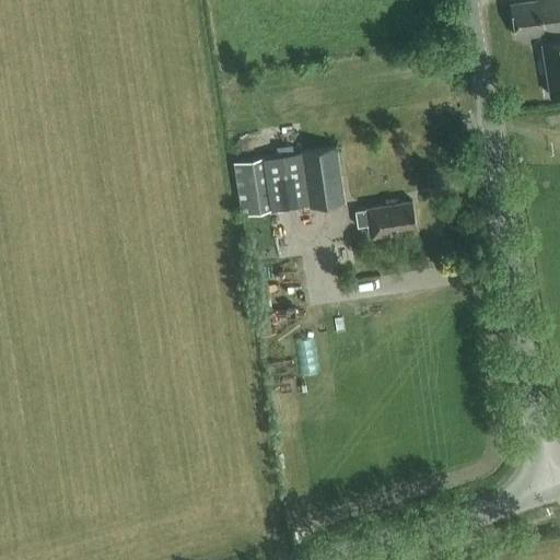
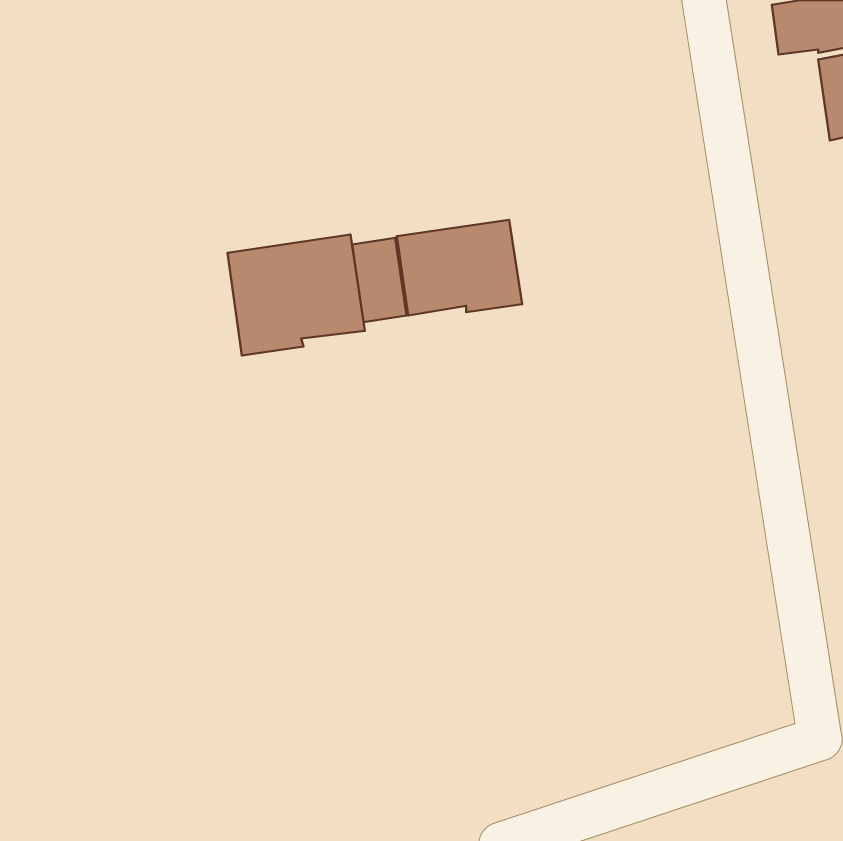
building: none -> [228,235,365,356]
building: [354,202,417,238] -> none

